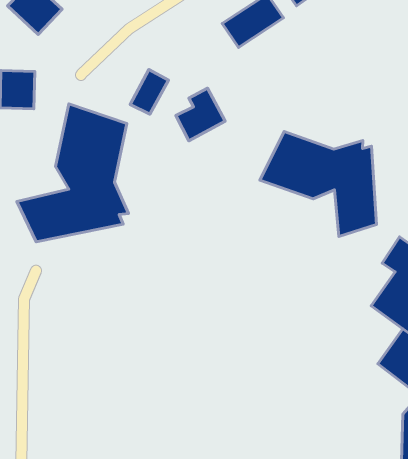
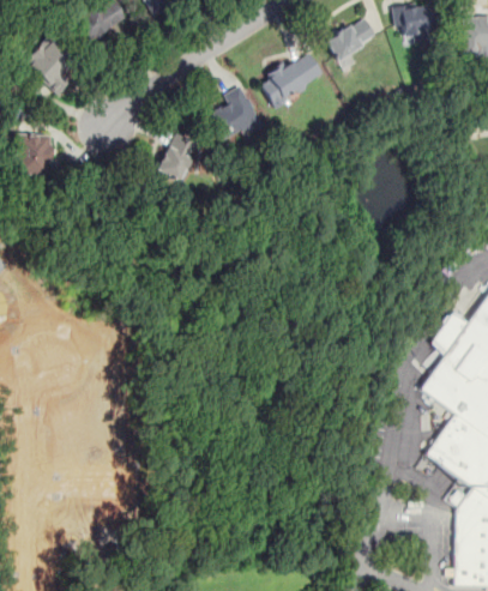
building: [176,88,225,141] -> [209,85,263,143]
building: [17,104,128,242] -> none
building: [260,131,376,237] -> none

